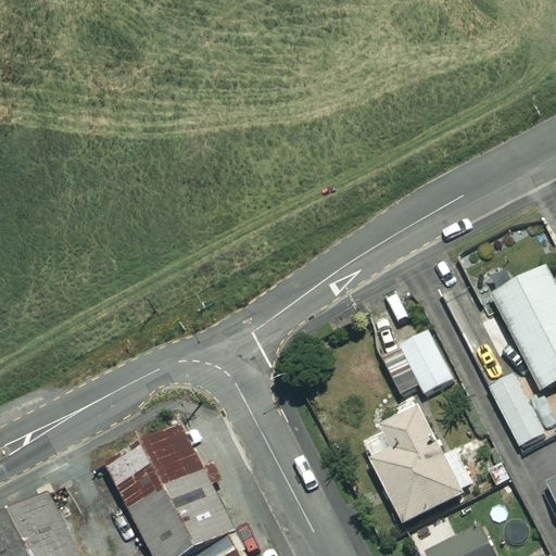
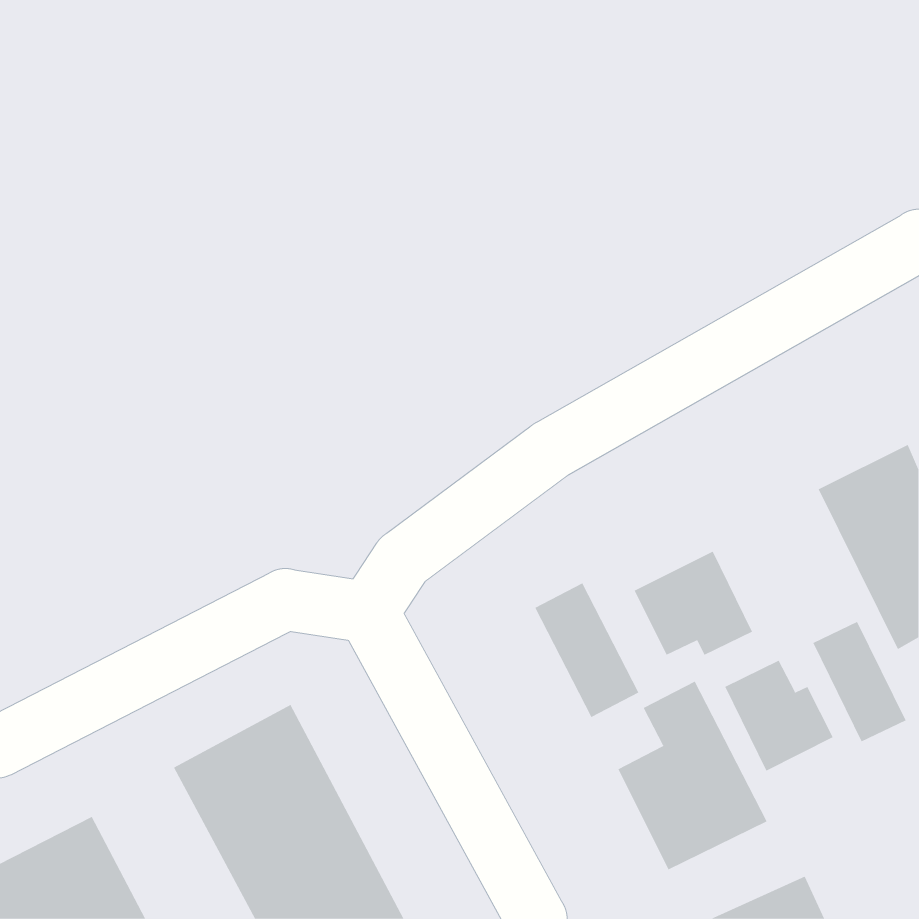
building: none -> [535,583,639,718]
building: none -> [724,660,834,772]

